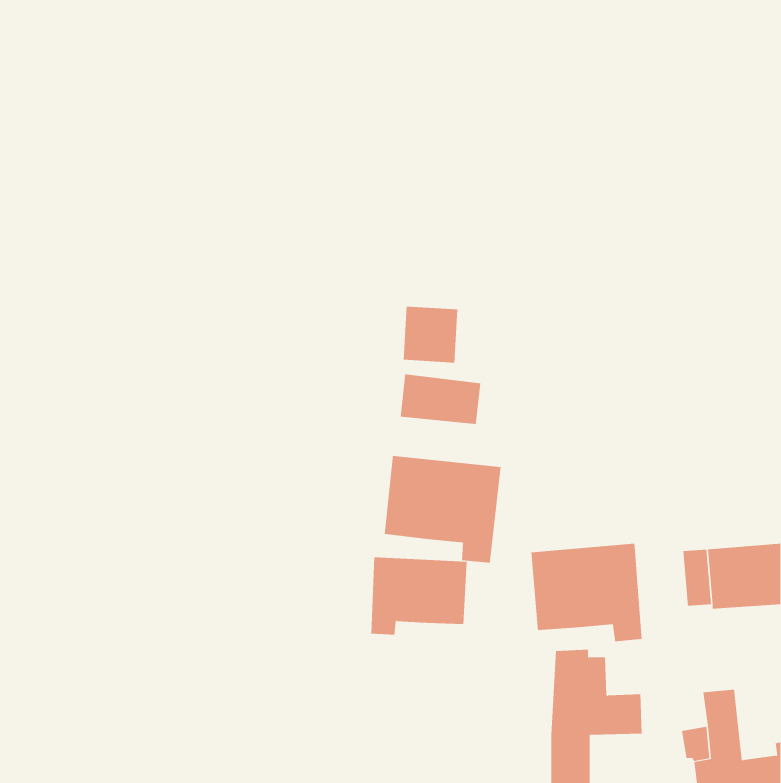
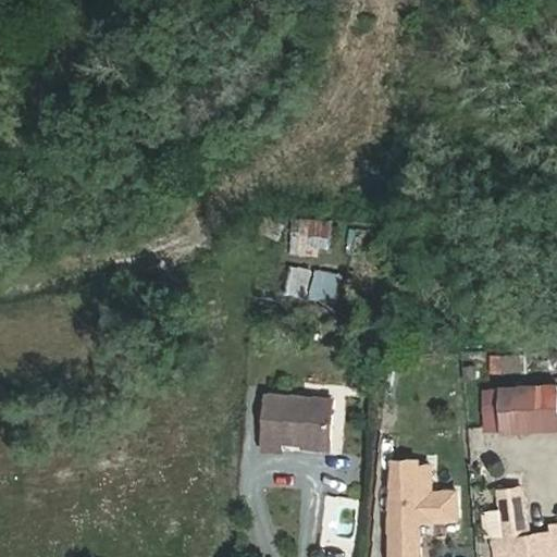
building: [384,455,501,564] -> none
building: [531,543,642,642] -> none

